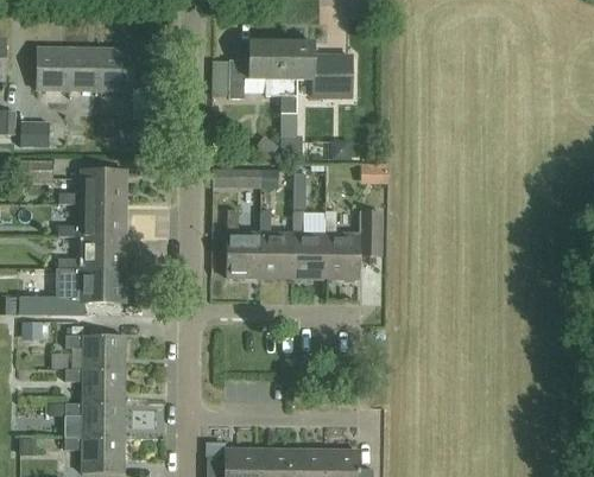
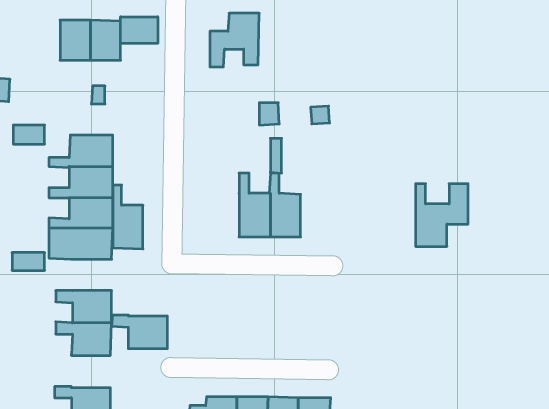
building: [280,42,353,113] -> none
building: none -> [121,17,158,43]
building: [38,49,70,91] -> none
building: [21,121,50,148] -> none
building: [213,168,260,187] -> none
building: [228,211,260,279] -> [113,185,143,249]
building: [326,212,381,279] -> [416,184,468,246]
building: [64,403,124,439] -> [111,315,167,349]

